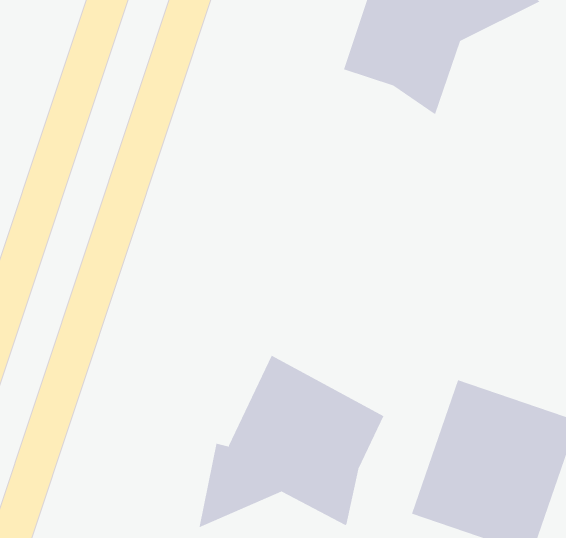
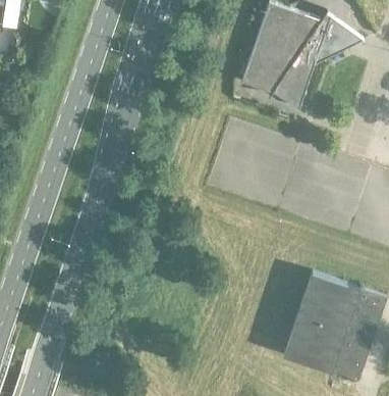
building: [199,355,384,528] -> none

